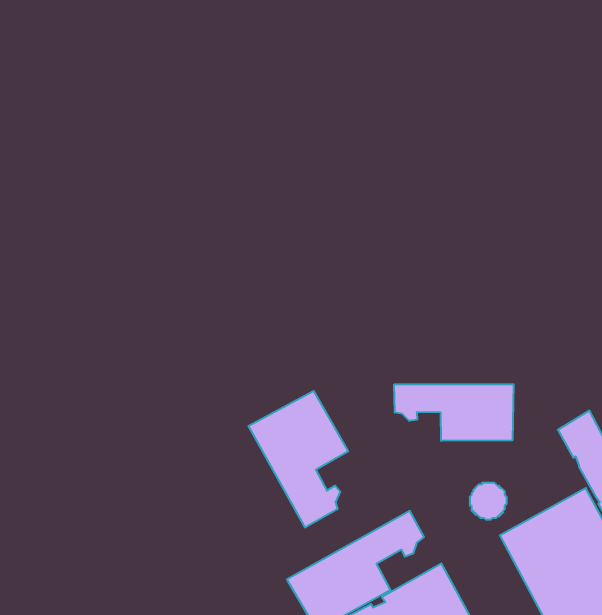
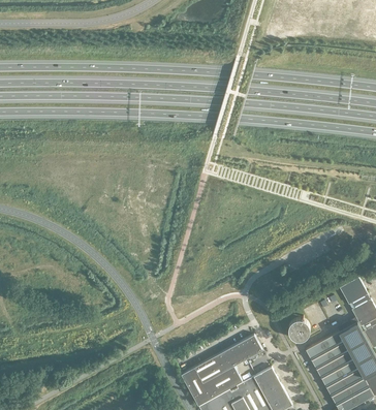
building: [394,384,514,441] -> none
building: [249,391,348,528] -> none

